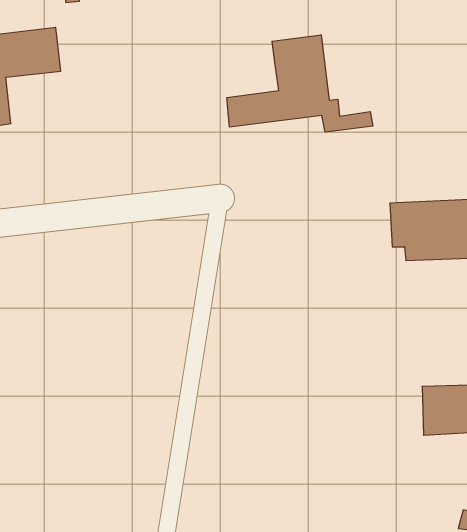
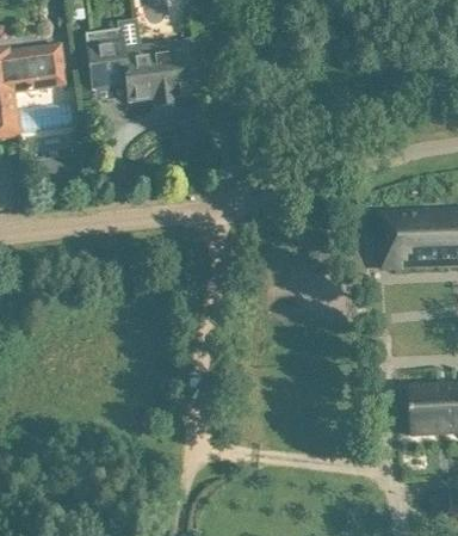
building: none -> [85,27,198,106]
building: [227,35,373,132] -> none

